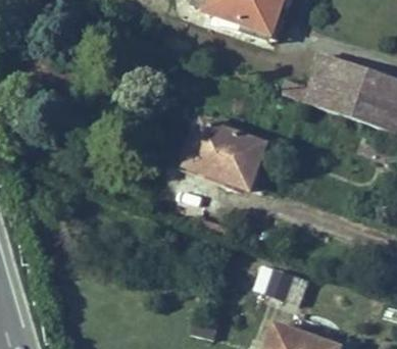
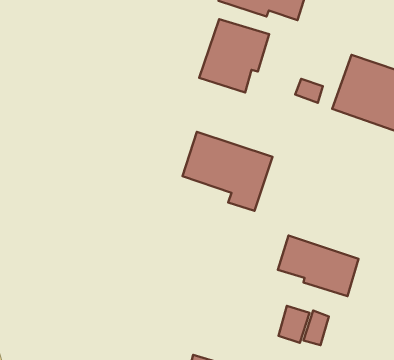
building: none -> [199,19,269,92]
building: none -> [278,236,358,296]

